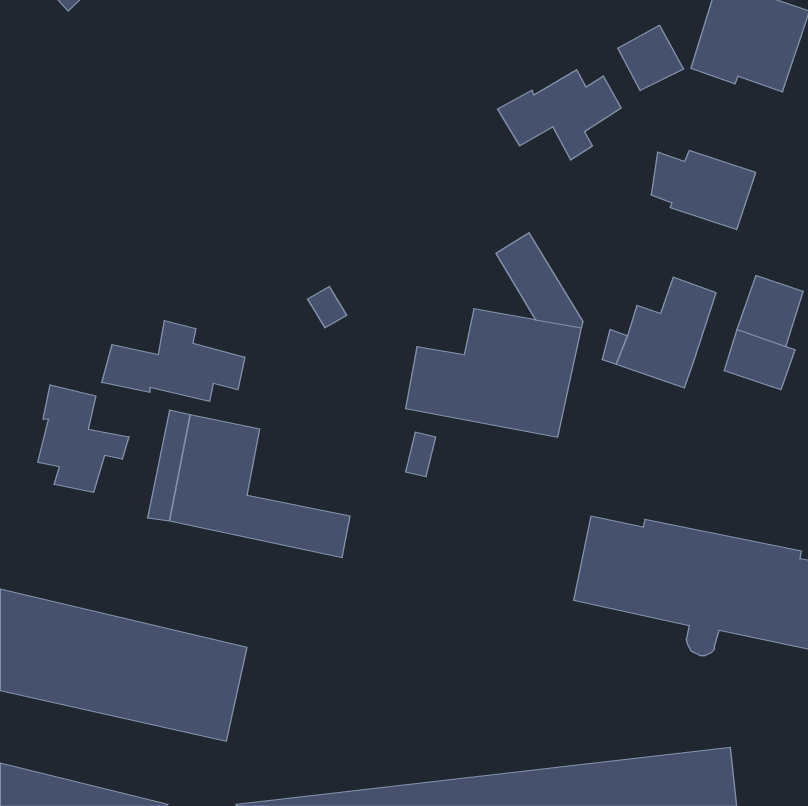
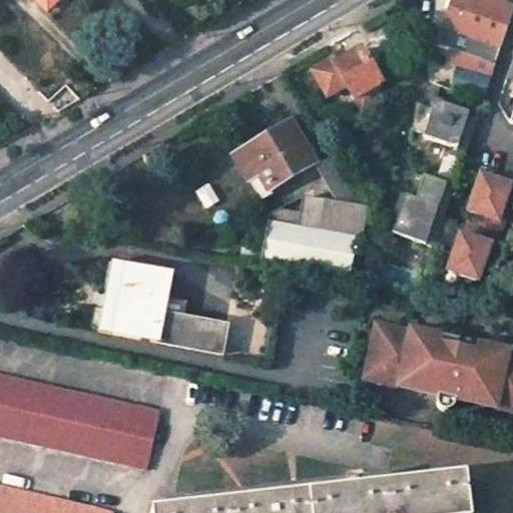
building: [618,25,684,91] -> none
building: none -> [456,60,493,93]
building: none -> [237,124,312,185]
building: [102,320,245,401] -> none
building: none -> [434,228,489,280]
building: [38,385,129,492] -> none

